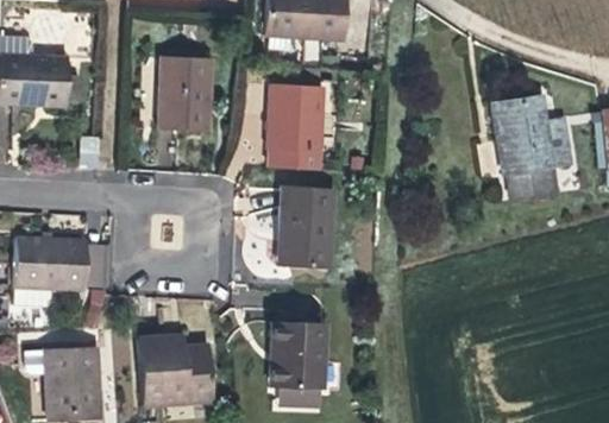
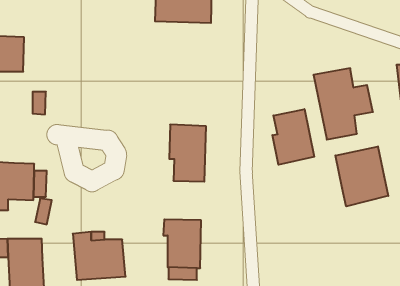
building: [159,57,212,132] -> none
building: [262,86,320,166] -> none
building: none -> [272,109,314,165]
building: none -> [335,146,388,206]

